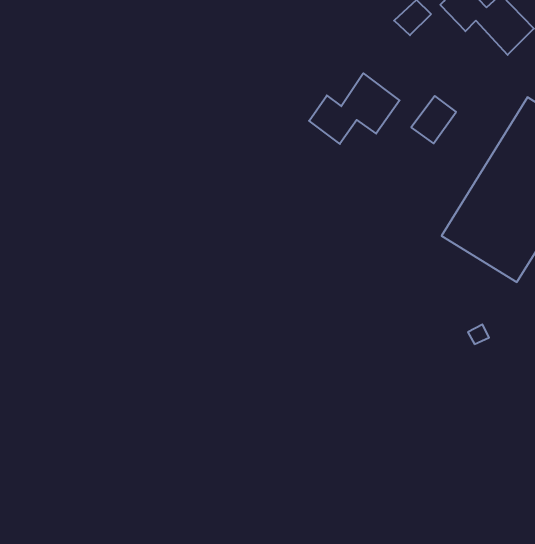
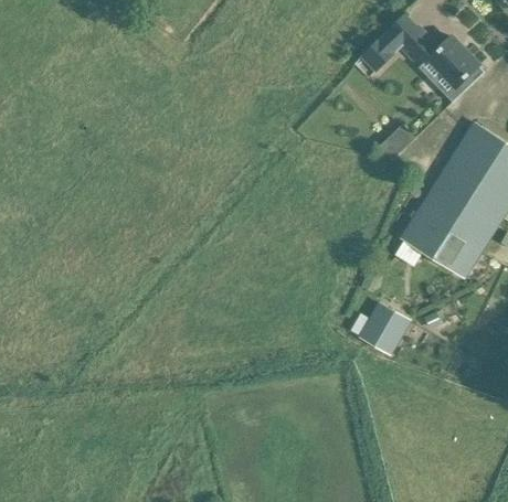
building: [309,73,400,144] -> none
building: none -> [358,301,411,355]

